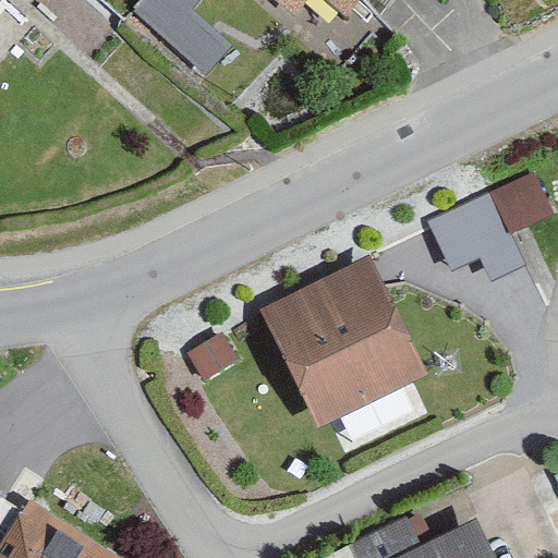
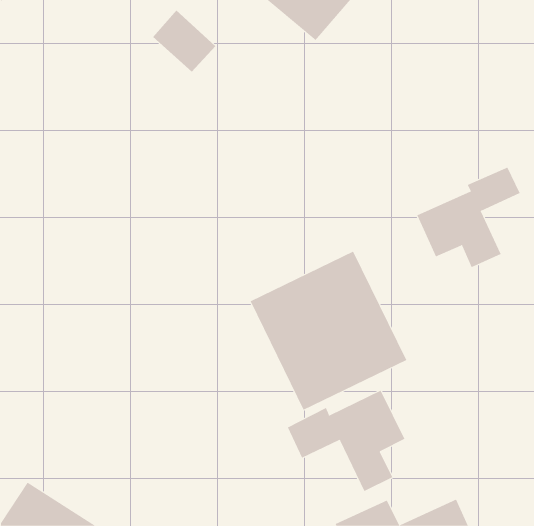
building: none -> [287,390,405,492]

